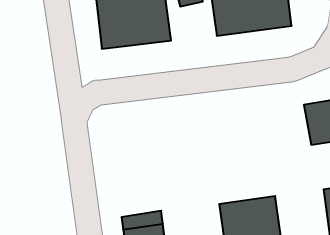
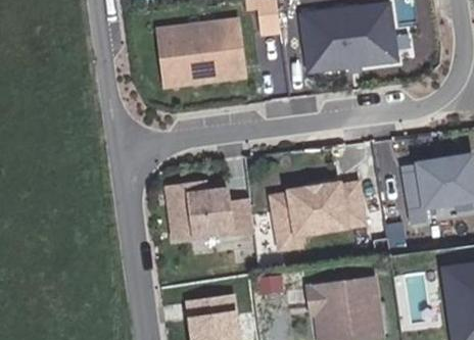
building: none -> [163,179,239,242]
building: none -> [269,180,351,254]

